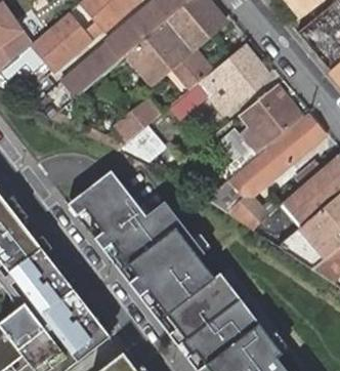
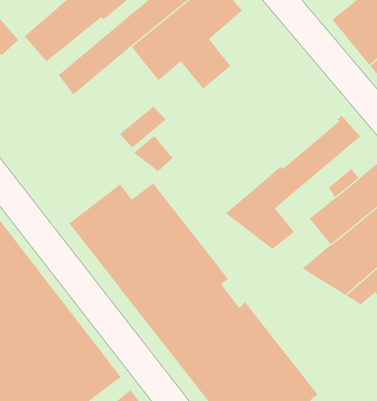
building: [168,45,269,120] -> none
building: [217,84,302,181] -> none

